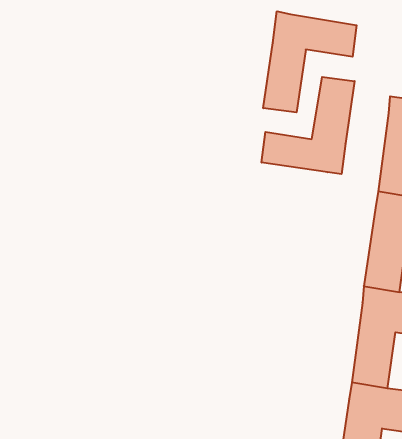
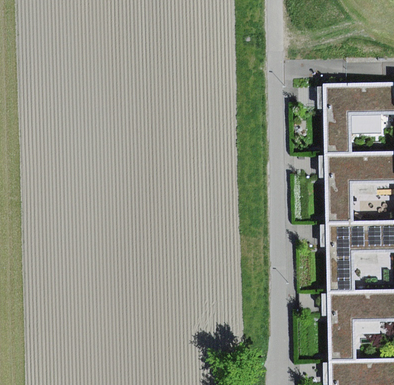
building: [263,11,357,112] -> none
building: [262,77,355,174] -> none

